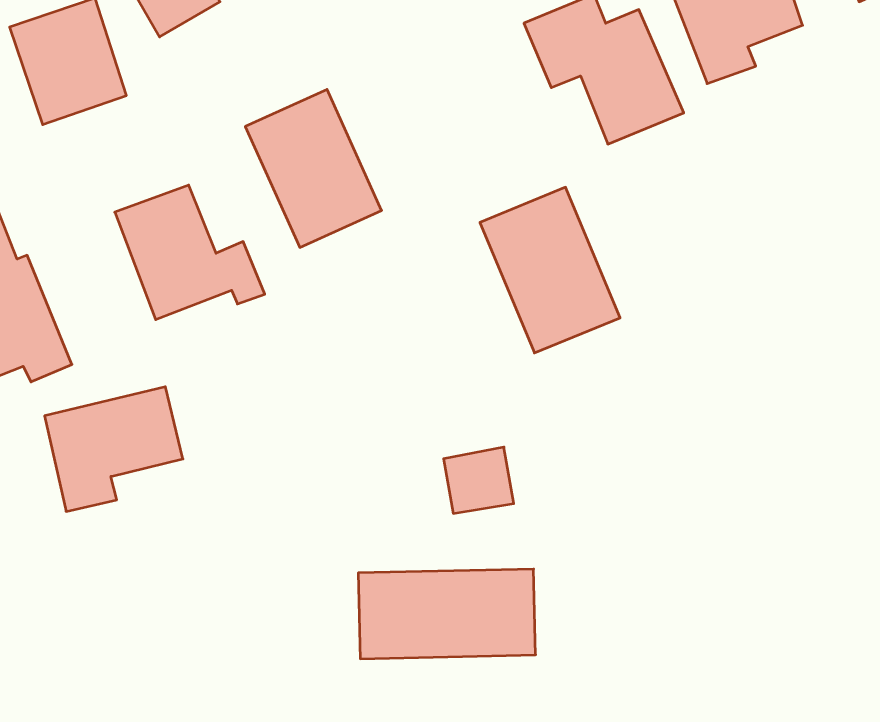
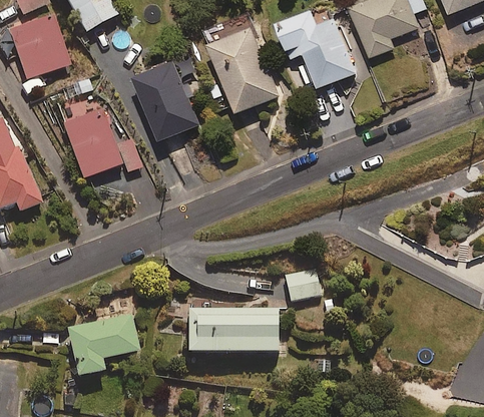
building: [480,187,620,353] -> [205,28,278,113]
building: [45,387,183,511] -> [68,313,139,377]
building: [444,447,514,513] -> [283,266,319,300]

